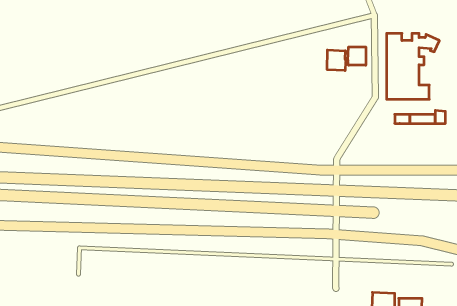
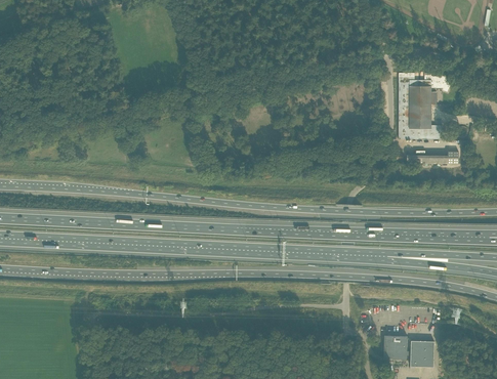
building: [327,47,366,71] -> none

